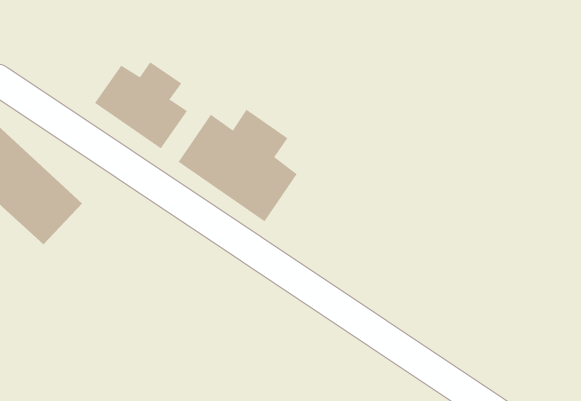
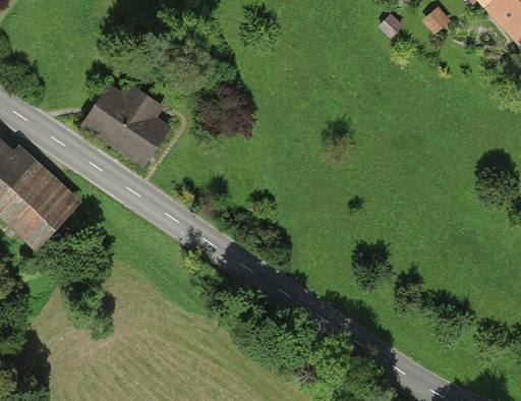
building: [178,109,298,222] -> none

